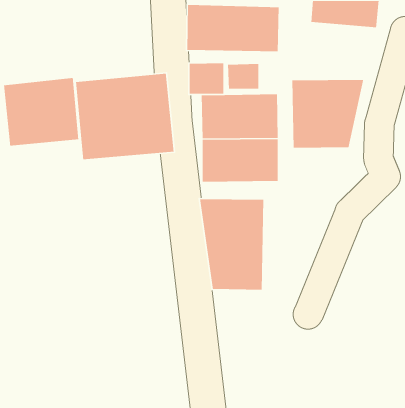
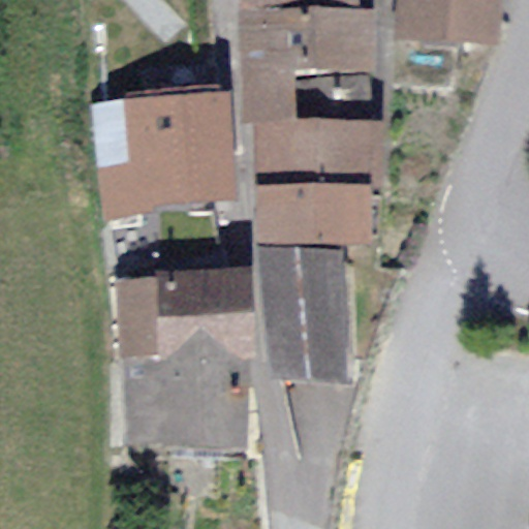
building: [3,77,79,147] -> none
building: [292,79,364,149] -> none
building: none -> [120,275,238,438]

